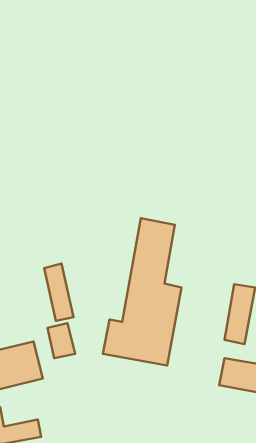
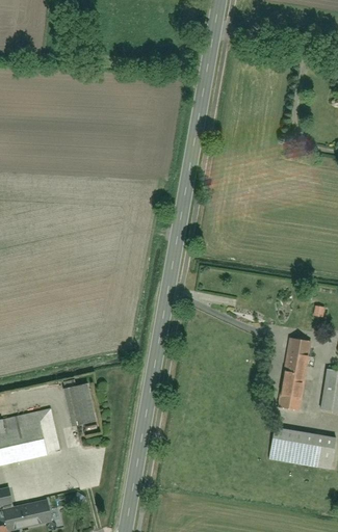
building: [103,218,181,366] -> none
building: [44,263,74,321] -> none

